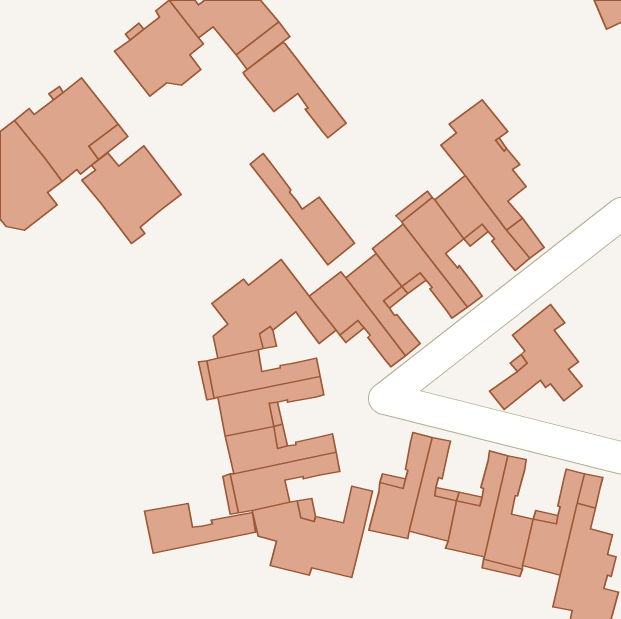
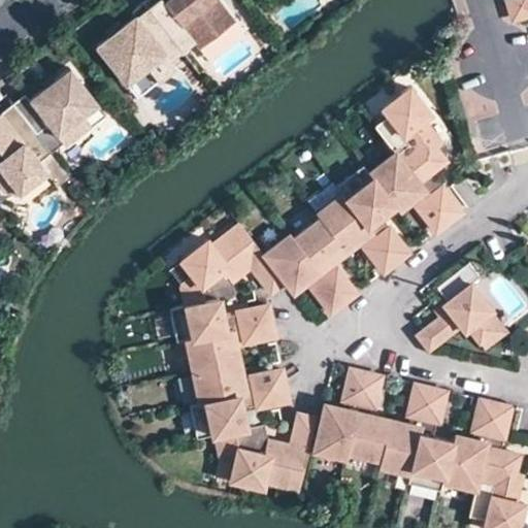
building: [243,42,346,138] -> none
building: [82,146,181,243] -> none
building: [250,153,355,265] -> none
building: [144,504,256,553] -> none

